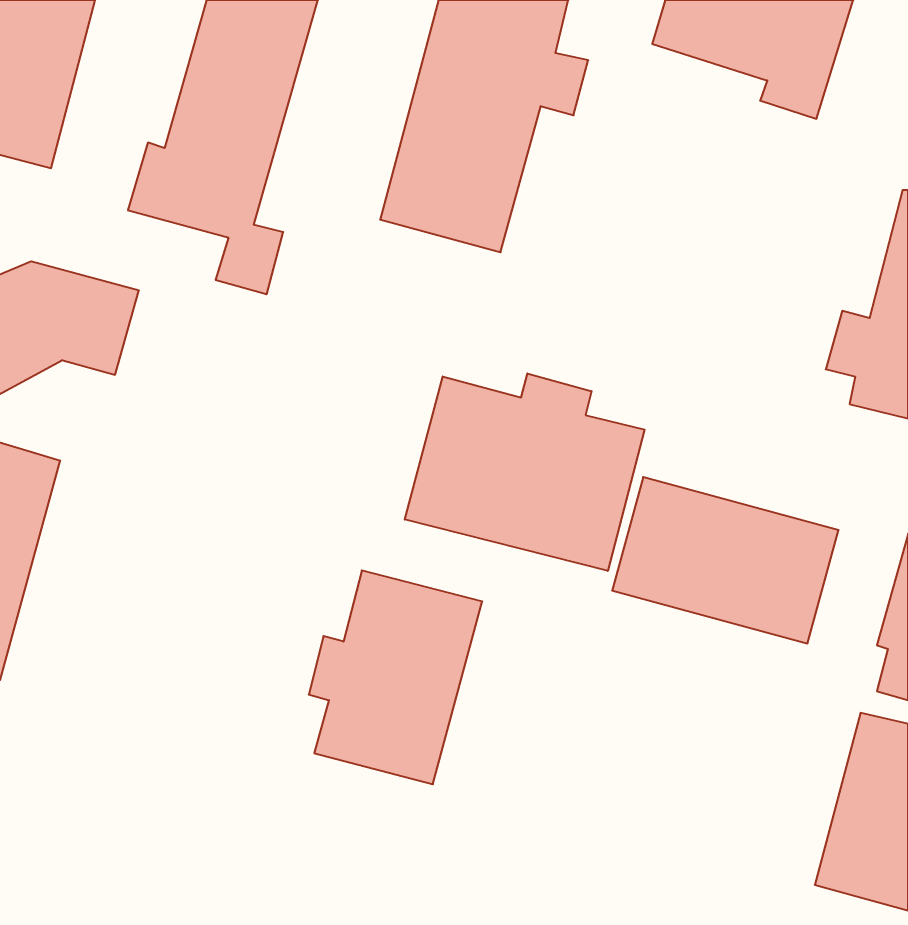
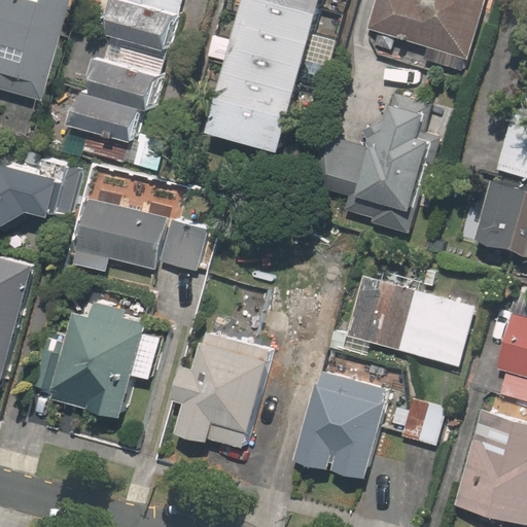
building: none -> [303,95,436,231]
building: none -> [73,199,204,271]
building: [405,373,645,571] -> none
building: none -> [27,301,161,417]
building: none -> [291,368,443,480]

